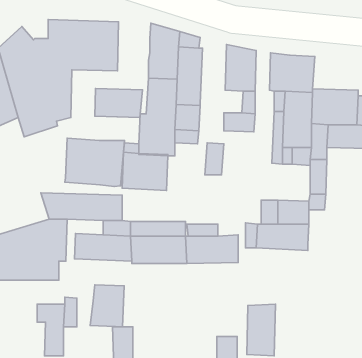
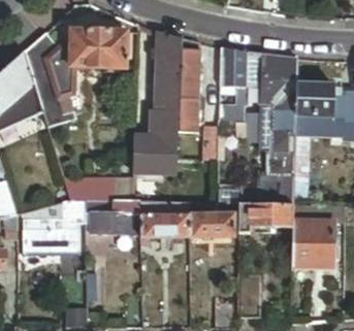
building: [95,88,143,117] -> none
building: [65,138,124,187] -> none
building: none -> [291,222,334,264]
building: [90,285,124,327] -> none

